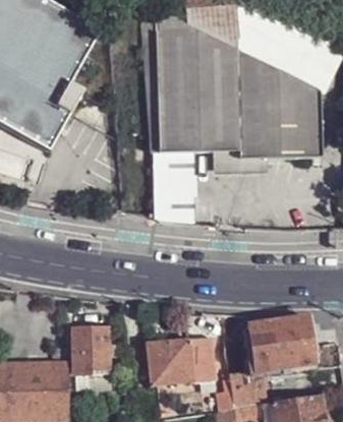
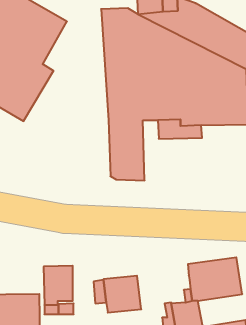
building: [187,337,217,381] -> none

